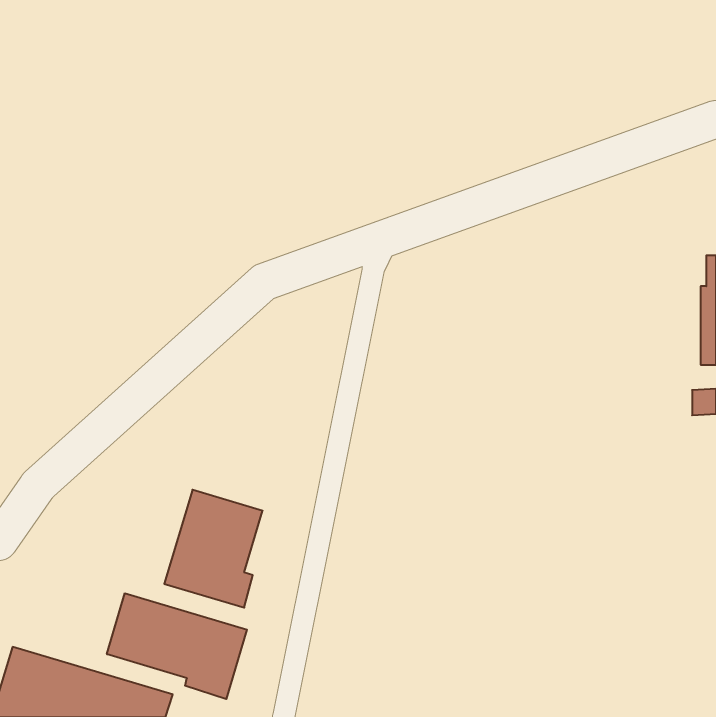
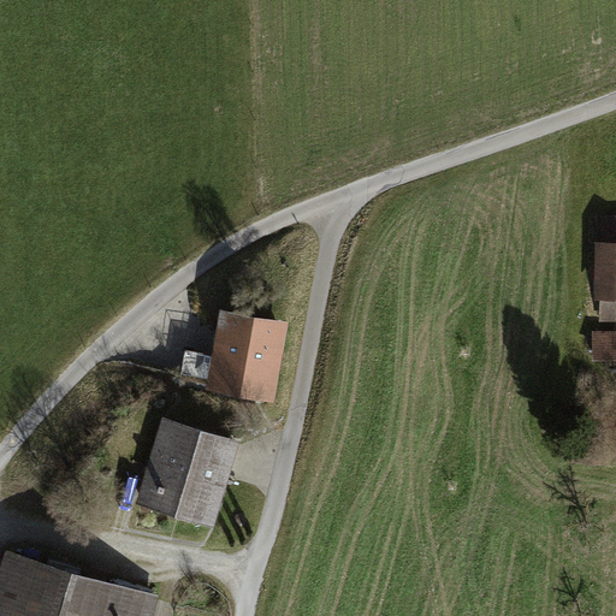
building: none -> [214,316,278,391]
building: [107,593,247,699] -> none

